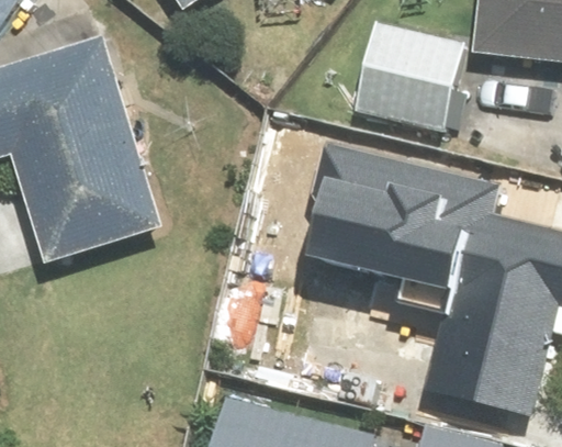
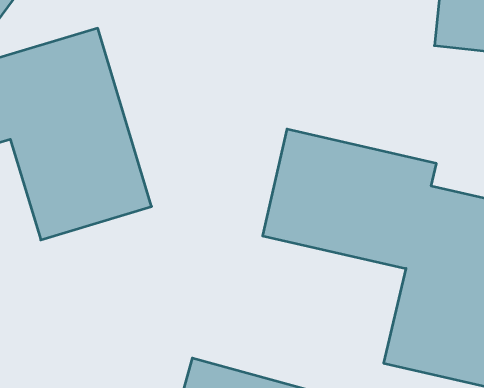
building: [352,21,467,128] -> none

